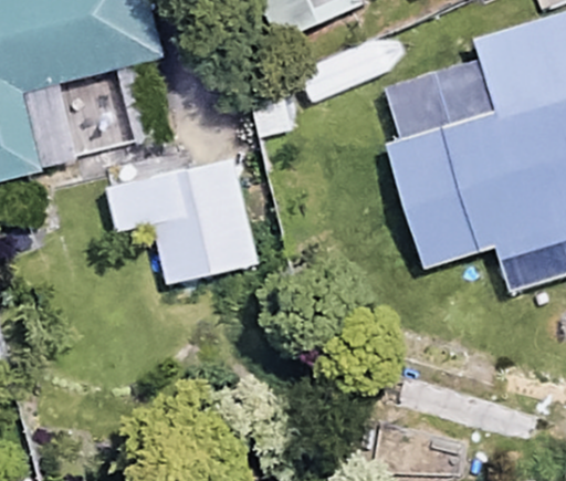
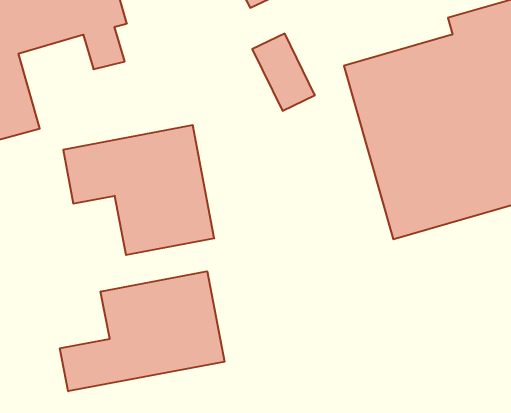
building: none -> [60,271,224,391]

